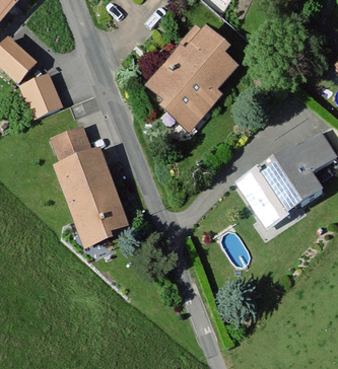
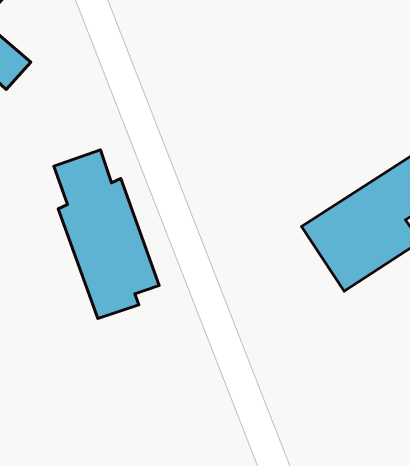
building: [146,29,236,136] -> none
building: [18,69,64,116] -> none

